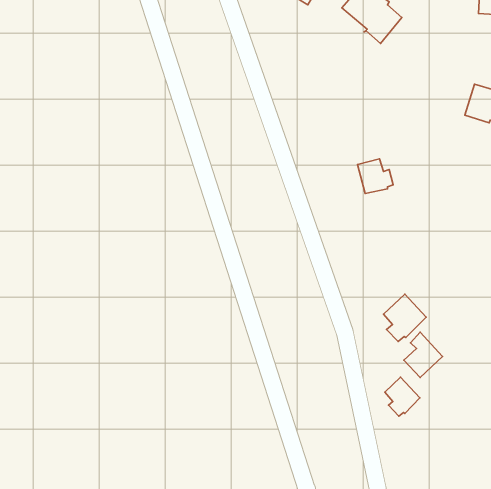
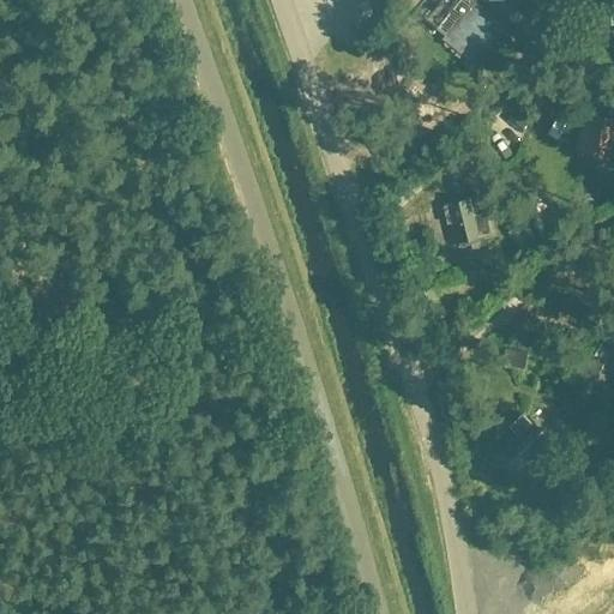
building: [384,294,426,341] -> none
building: [385,377,420,416] -> none

